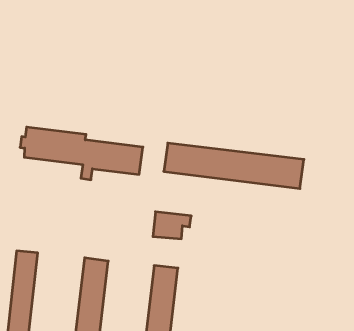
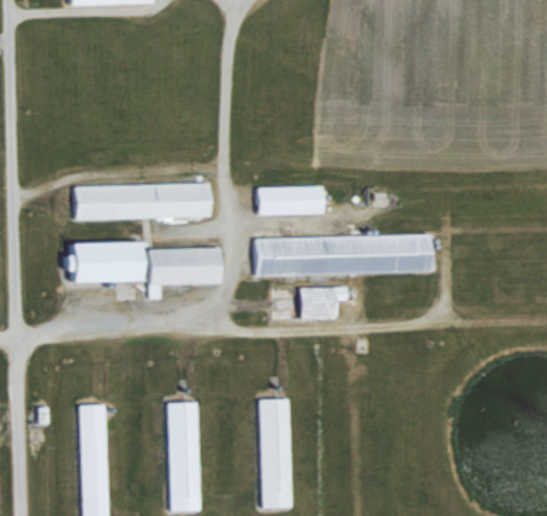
building: none -> [73,183,212,220]
building: none -> [256,186,325,215]
building: [153,212,191,239] -> [299,286,346,320]

